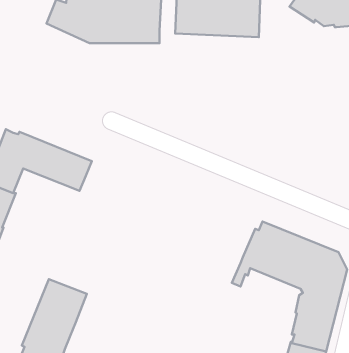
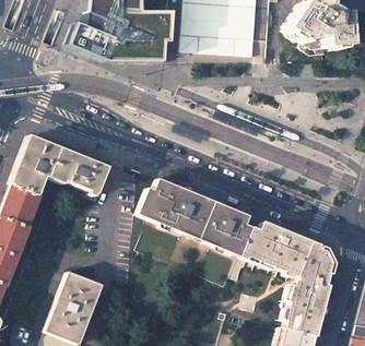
building: none -> [137,179,252,253]

